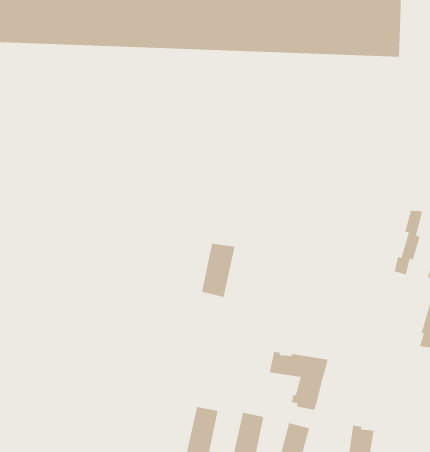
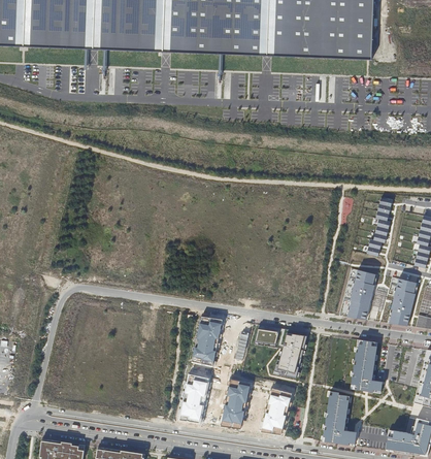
building: [201,243,236,298] -> [192,315,223,364]
building: none -> [349,269,376,315]
building: none -> [351,337,383,391]

